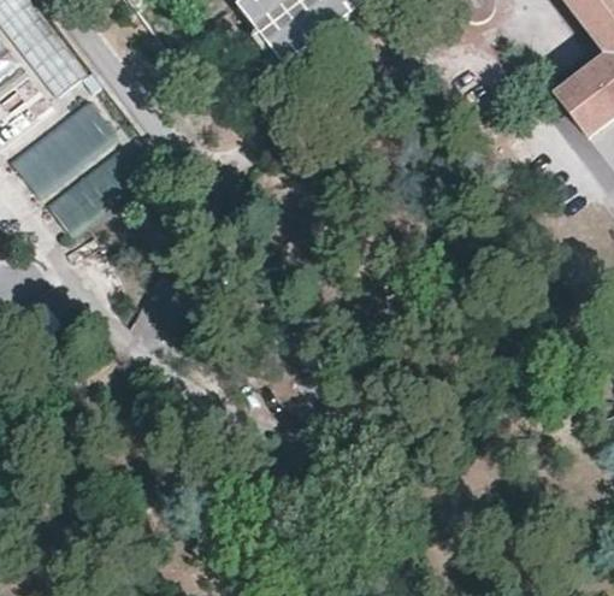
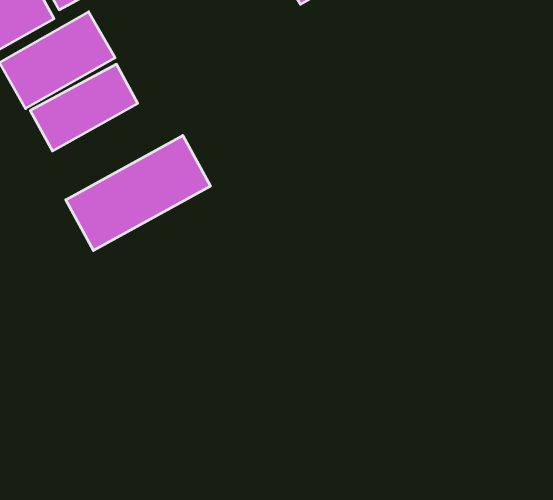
building: none -> [66,135,210,251]

